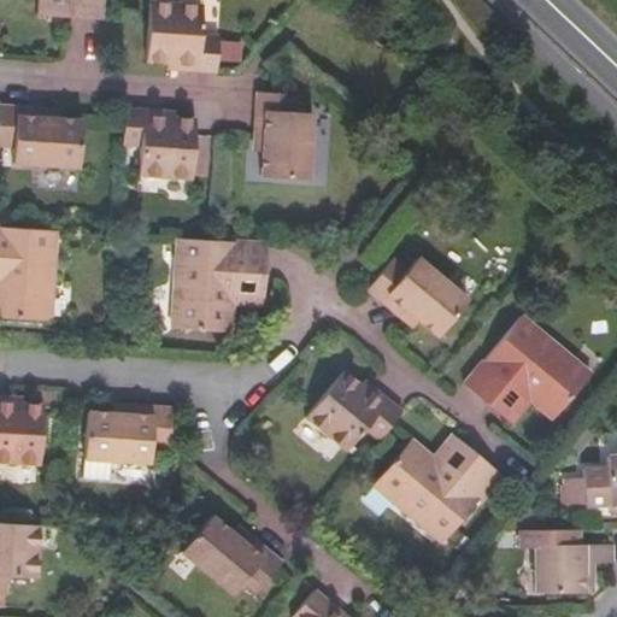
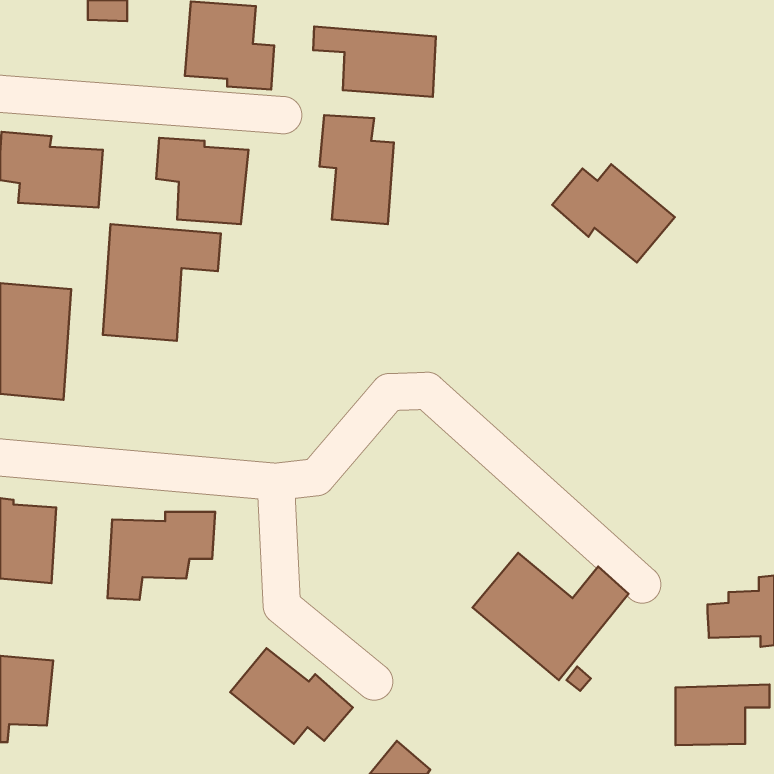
building: none -> [313,26,436,97]
building: [172,239,266,331] -> [103,224,221,341]
building: [371,255,469,334] -> [552,164,675,263]
building: [466,316,590,416] -> none
building: [307,371,401,449] -> none

